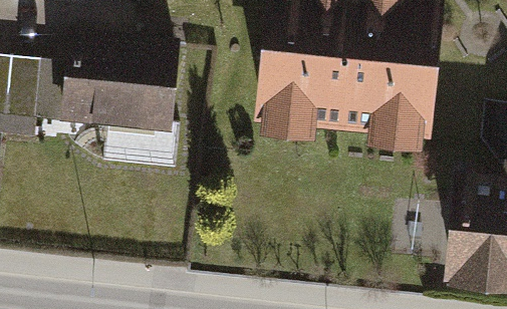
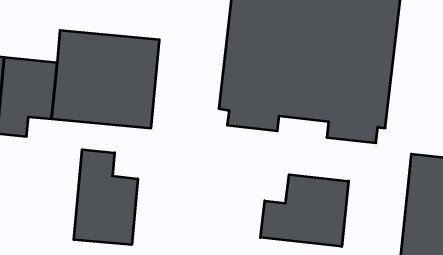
building: none -> [74,150,138,245]
building: none -> [260,175,349,247]

